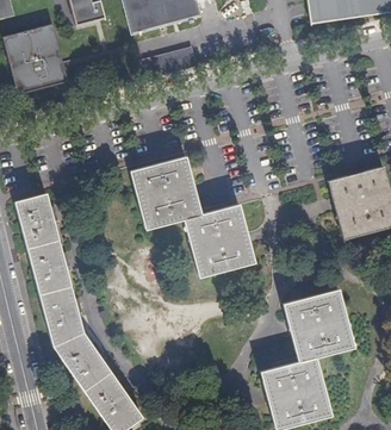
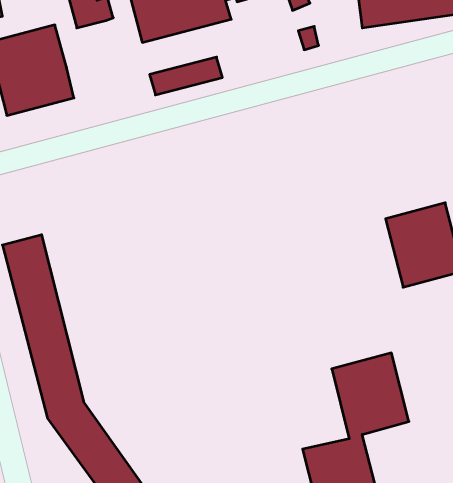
building: [135,158,252,273] -> none

